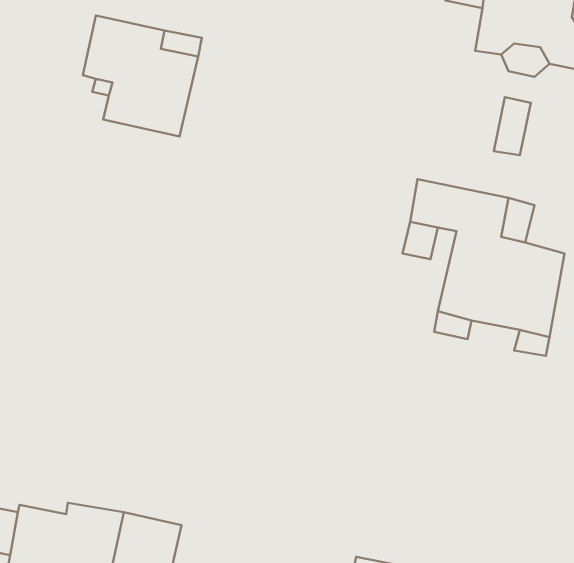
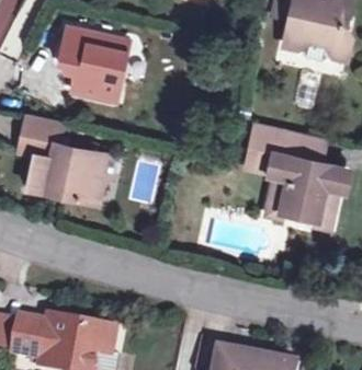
building: none -> [18,113,114,203]

